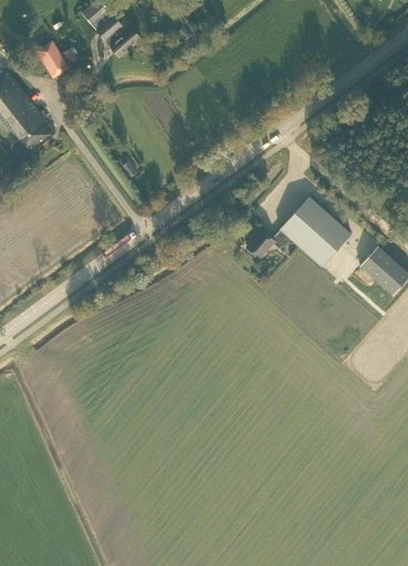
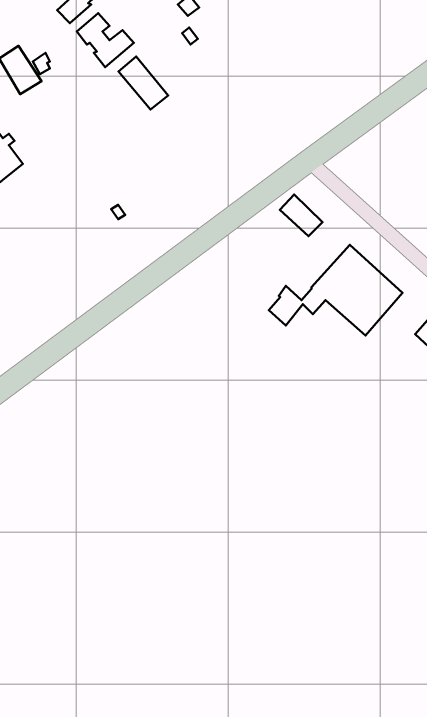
building: none -> [118,56,168,109]
building: none -> [280,195,323,236]

